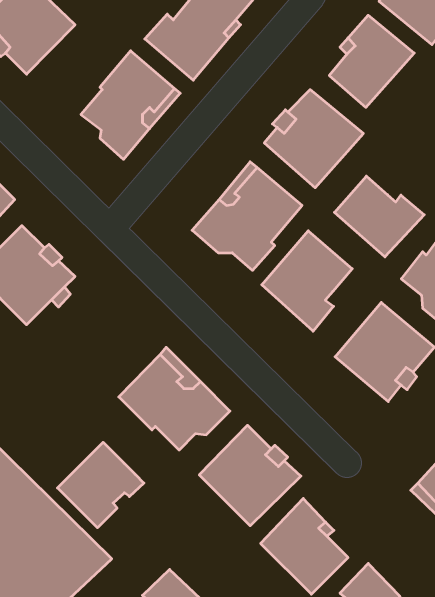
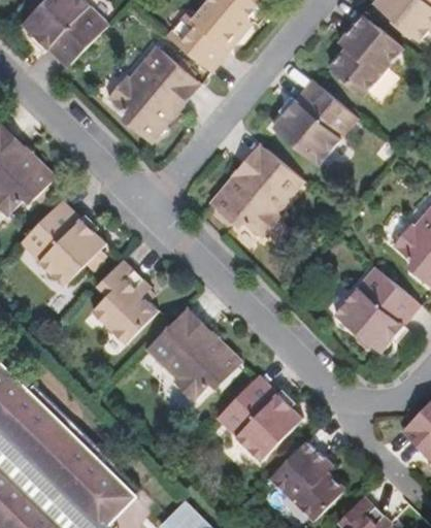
building: [334,176,424,257] -> none
building: [262,231,352,331] -> none
building: none -> [92,259,159,344]
building: [57,442,144,528] -> none

